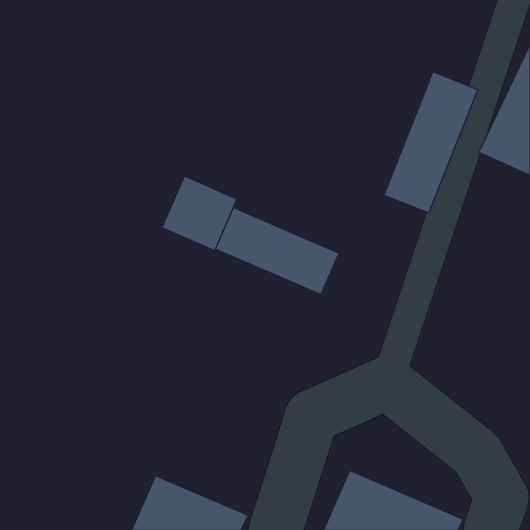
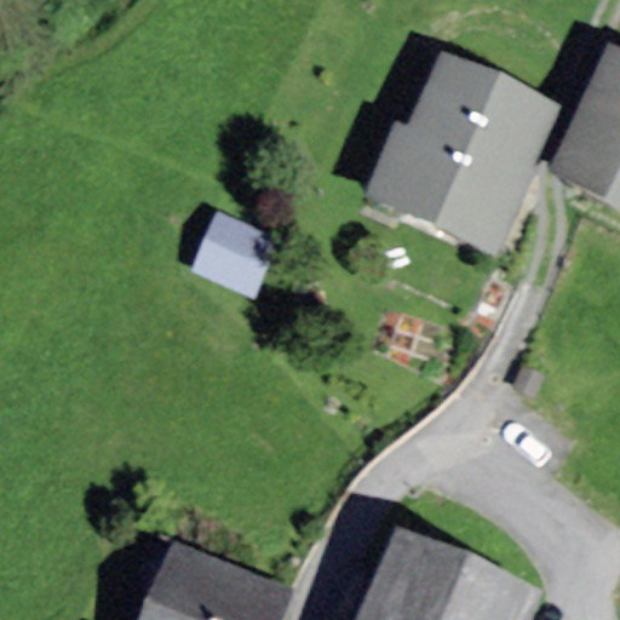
building: none -> [373,59,503,226]
building: [215,208,339,295] -> none

